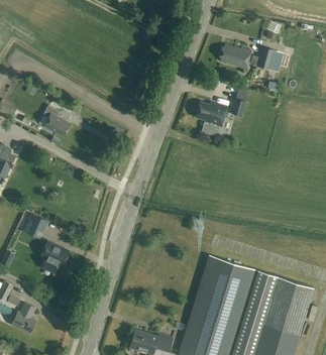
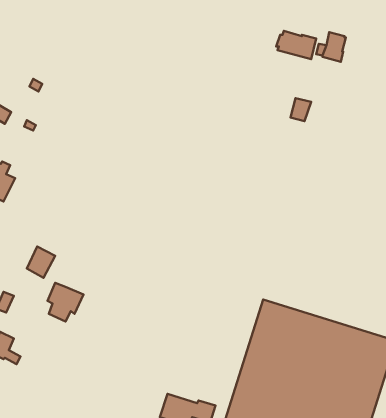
building: [196,103,226,126] -> none
building: [42,106,71,137] -> none
building: [11,303,35,334] -> none

